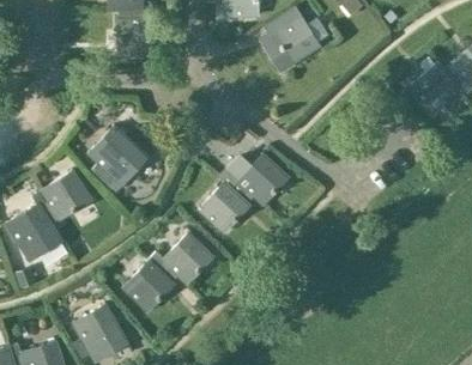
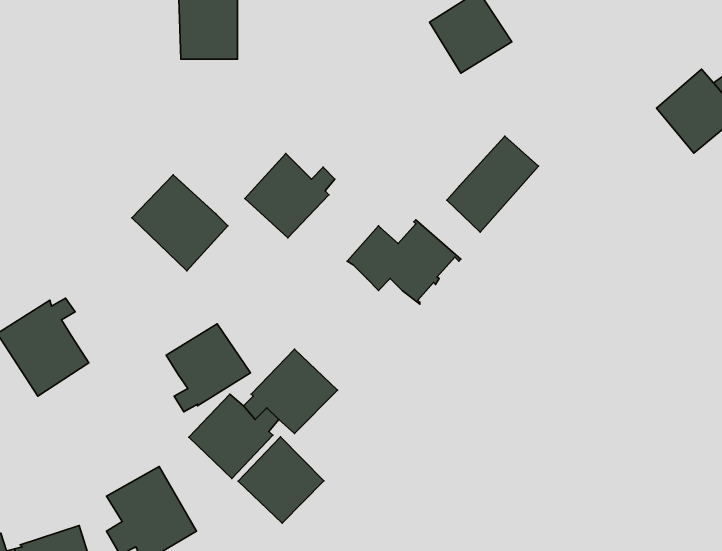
building: none -> [447,136,538,232]
building: [40,170,91,224] -> [166,324,251,412]
building: [198,181,253,232] -> [245,154,335,238]
building: none -> [238,437,324,523]

